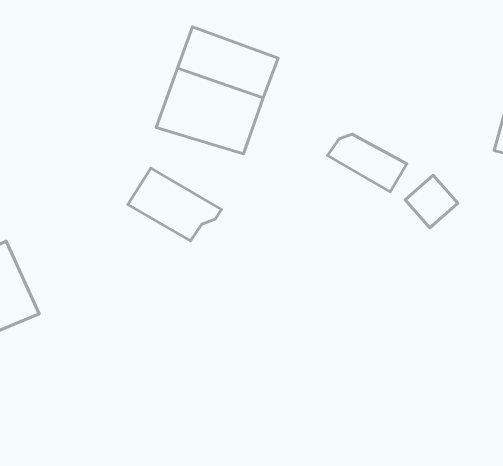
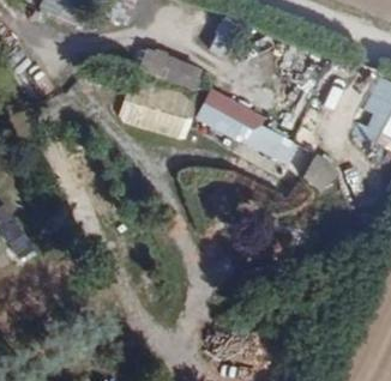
building: [128,168,222,241] -> [196,86,264,139]

